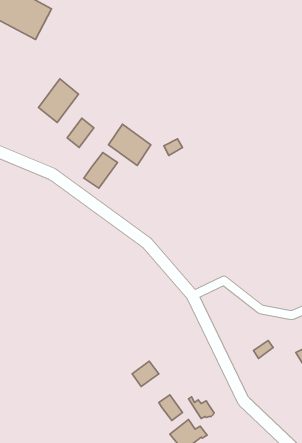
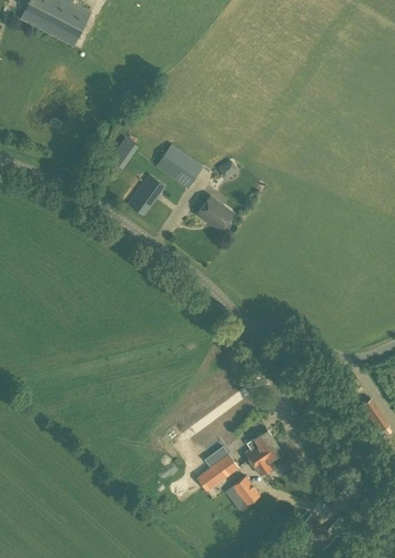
building: [38,79,79,123] -> none
building: none -> [198,196,234,230]
building: [132,361,159,387] -> [196,461,226,490]
building: none -> [246,429,282,459]

